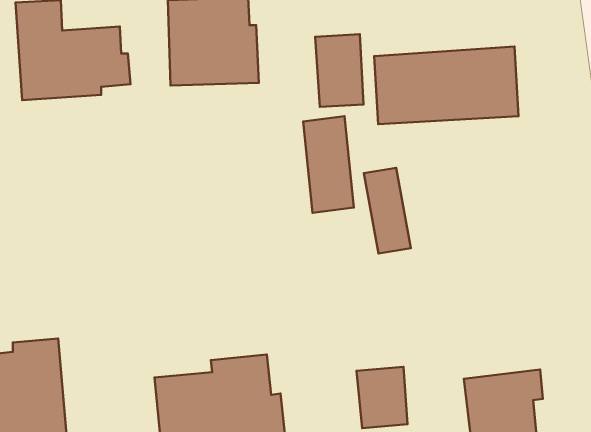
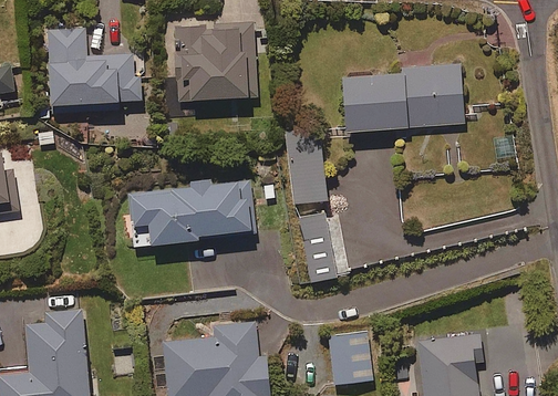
building: [315,34,364,107] -> none
building: [364,168,411,254] -> [298,210,337,281]
building: none -> [130,175,251,240]

